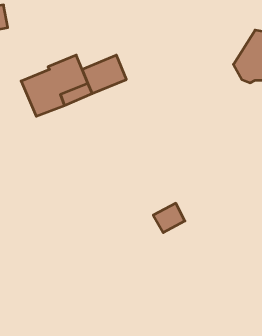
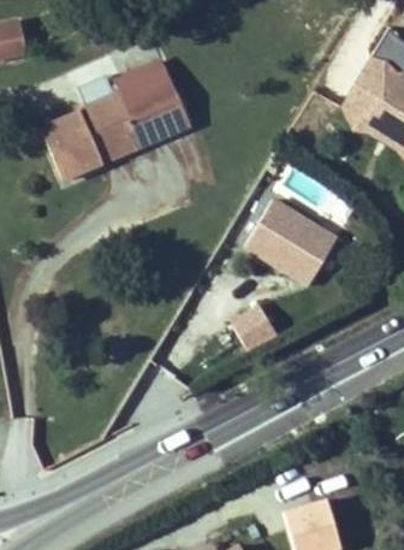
building: none -> [115,60,177,111]
building: none -> [245,199,340,288]

